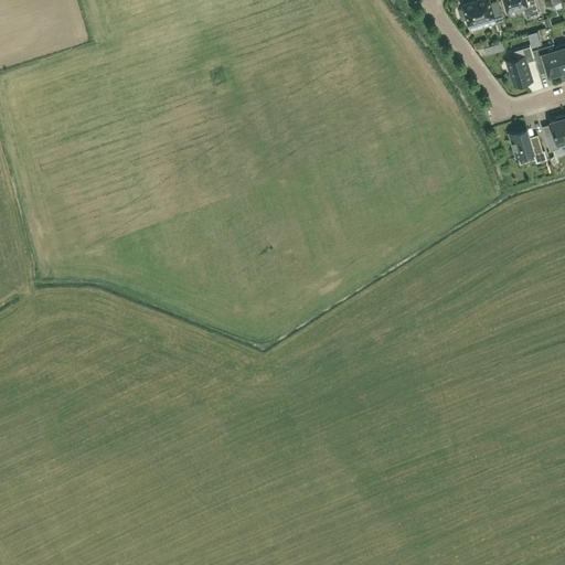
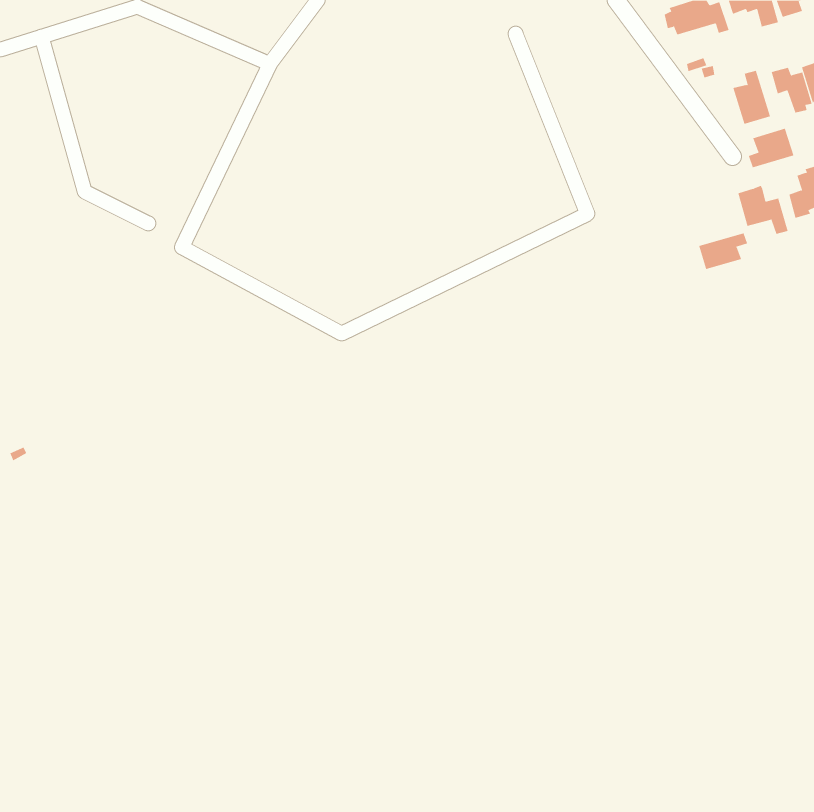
building: none -> [748,128,794,168]
building: none -> [698,233,748,270]

